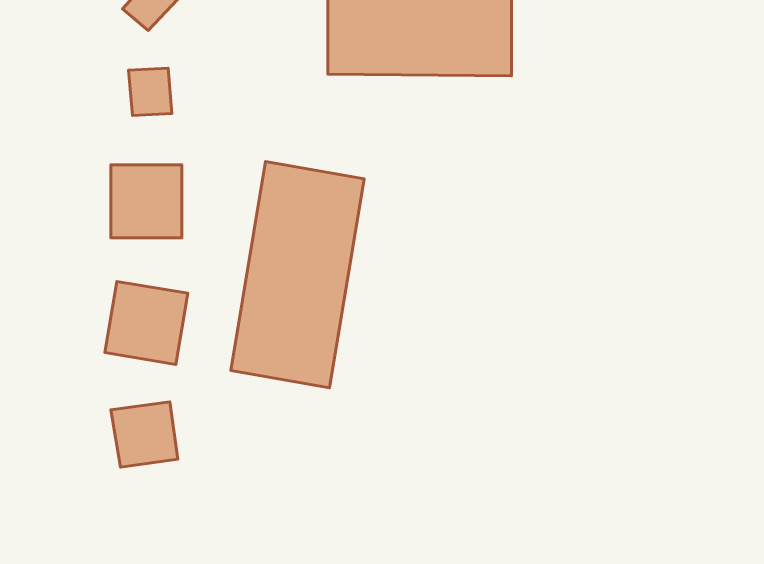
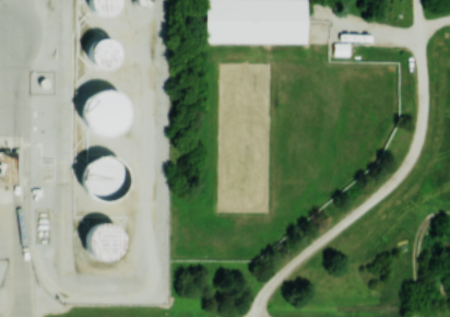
building: [231,161,364,388] -> none

